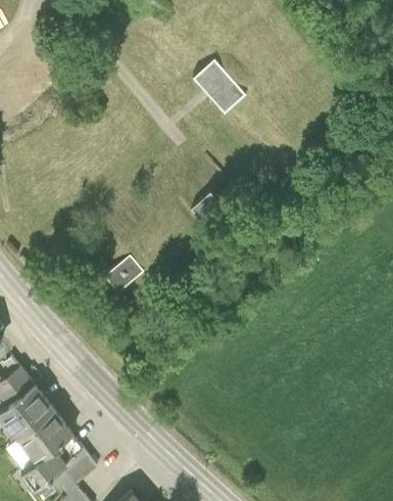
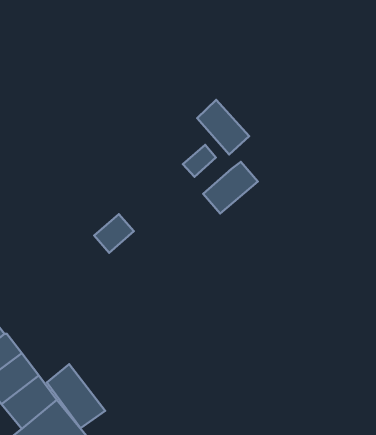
building: [194,58,244,110] -> [197,100,249,154]
building: none -> [203,162,258,213]
building: none -> [47,364,105,428]

